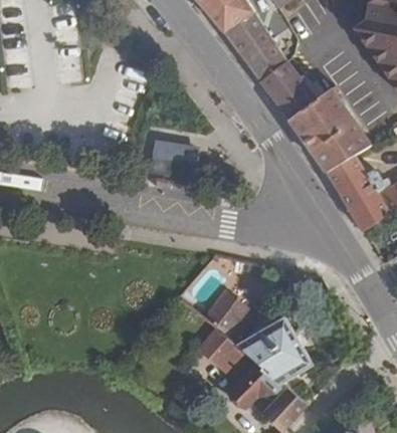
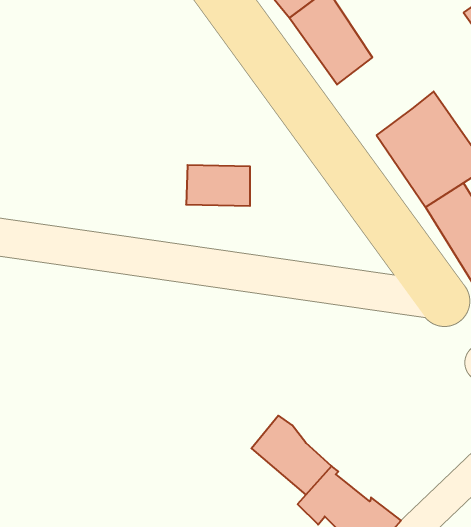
building: [260,62,317,120] -> none
building: [205,291,247,334] -> none
building: [237,317,312,390] -> none

